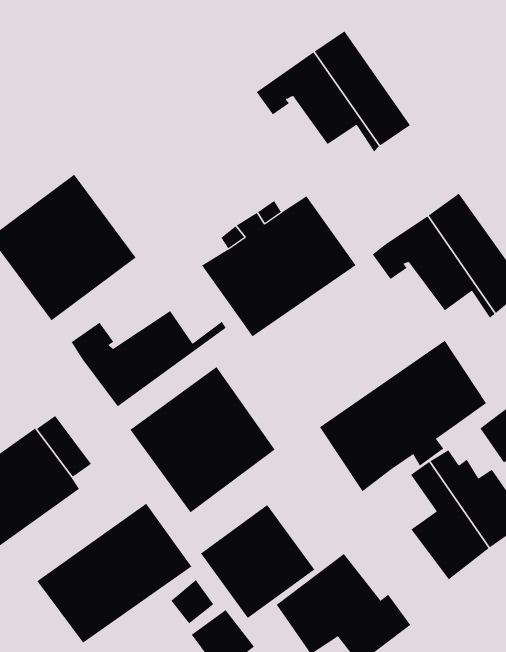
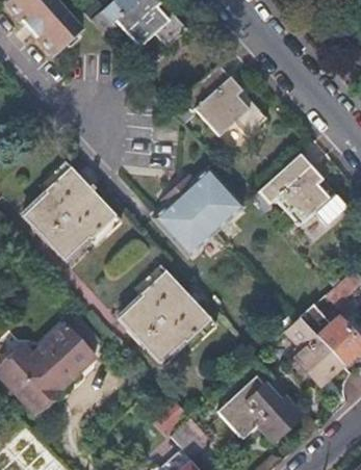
building: [71,310,226,407] -> none
building: [319,340,487,492] -> none
building: [36,503,192,643] -> none
building: [200,504,315,619] -> none

